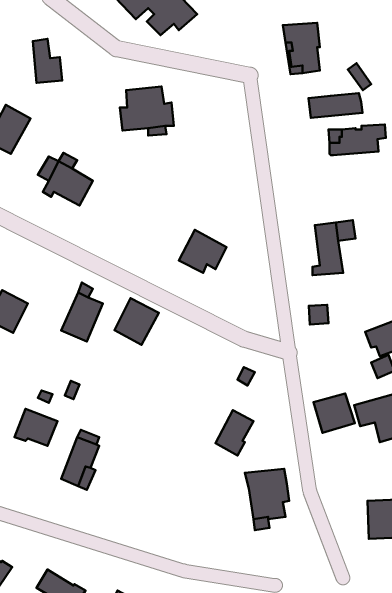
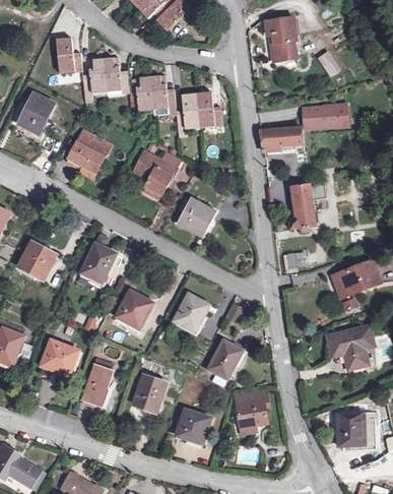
building: none -> [83,54,129,102]
building: [309,93,362,118] -> [259,129,304,149]
building: none -> [176,90,222,138]
building: none -> [133,150,181,196]
building: [115,298,159,345] -> [117,292,153,330]
building: none -> [175,294,209,331]
building: [313,393,355,433] -> none
building: none -> [133,377,166,414]
building: none -> [176,411,209,446]

